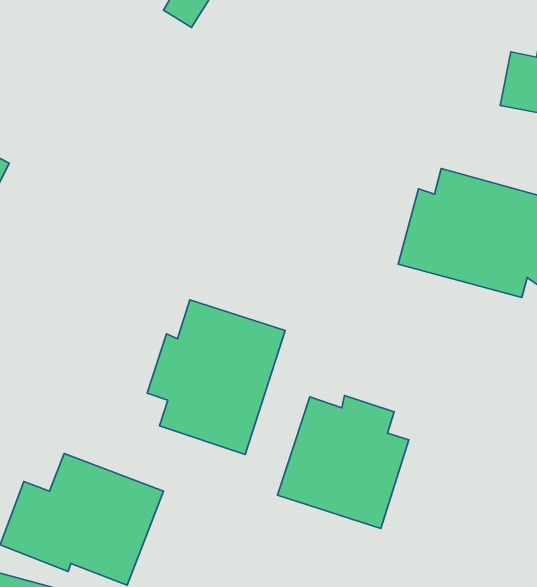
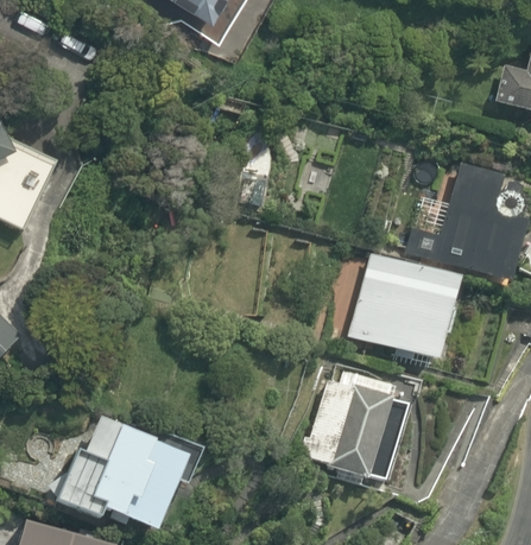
building: none -> [342,252,466,366]
building: [147,300,285,454] -> none

